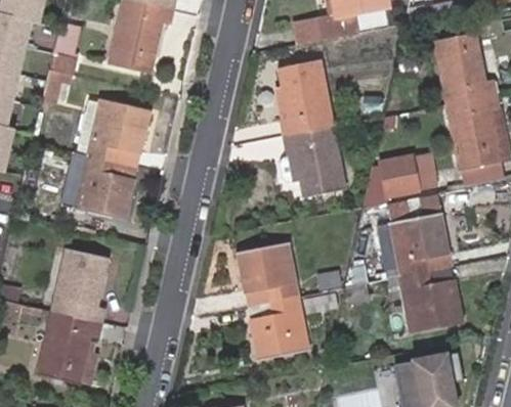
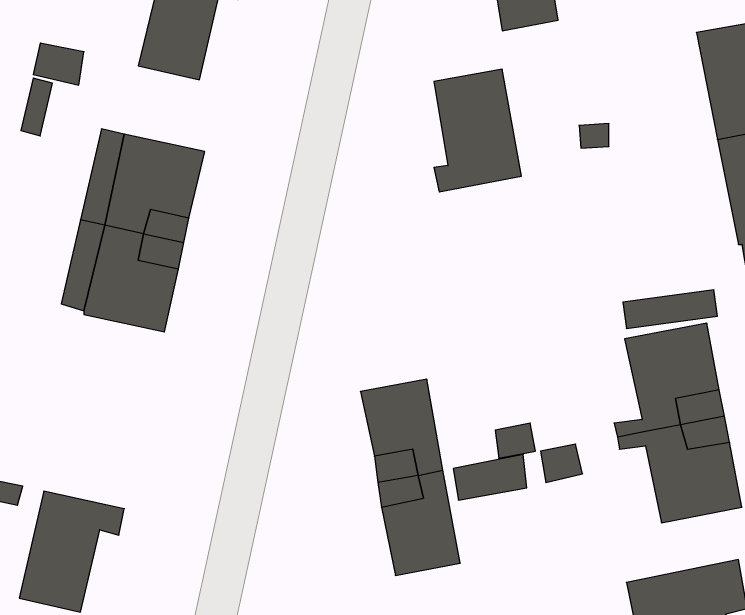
building: [276,127,344,197] -> none
building: [379,157,434,198] -> none
building: [53,250,104,321] -> none

